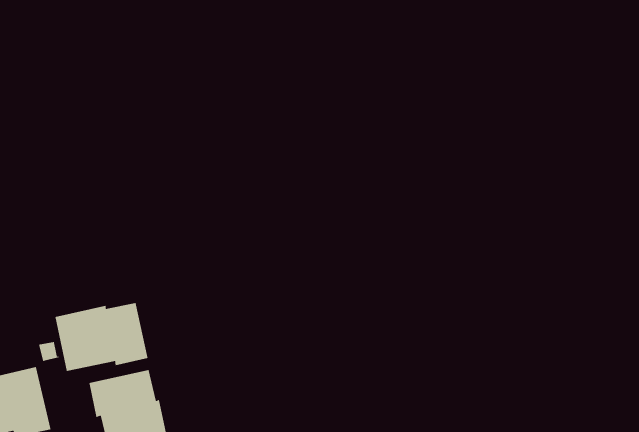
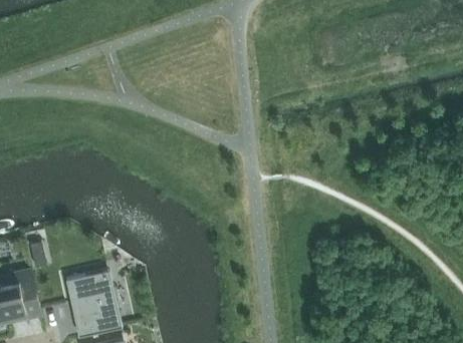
building: [54,302,149,372] -> none

